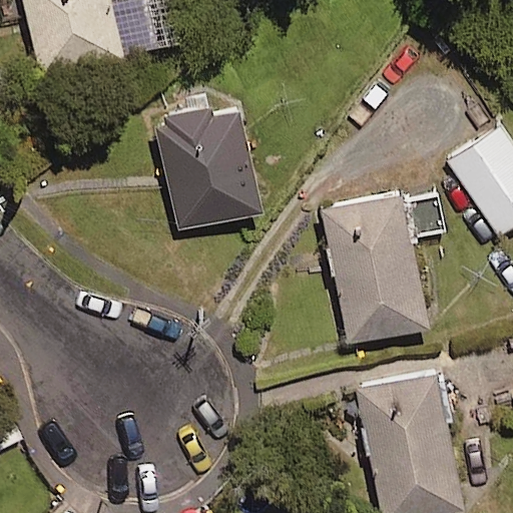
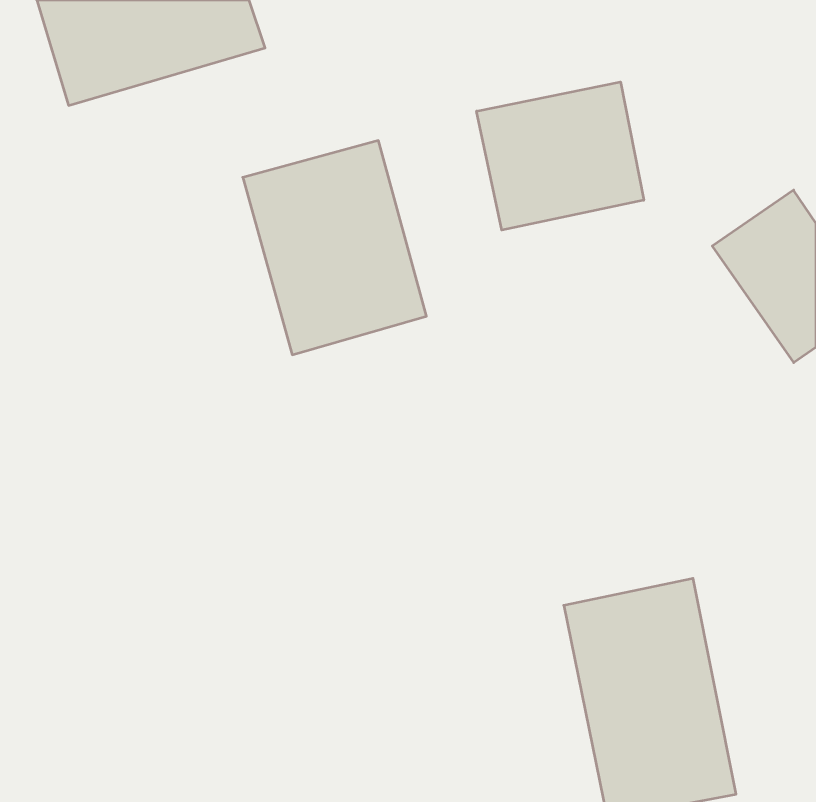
building: none -> [477,82,644,230]
building: [319,185,451,344] -> none

